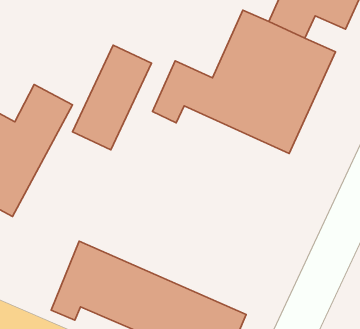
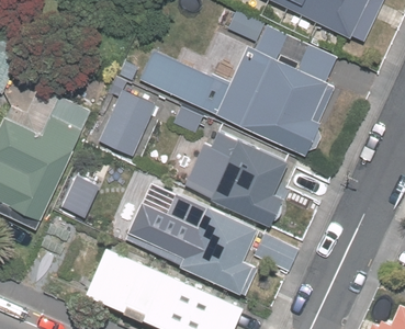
building: none -> [184,126,304,227]
building: none -> [119,193,293,298]

